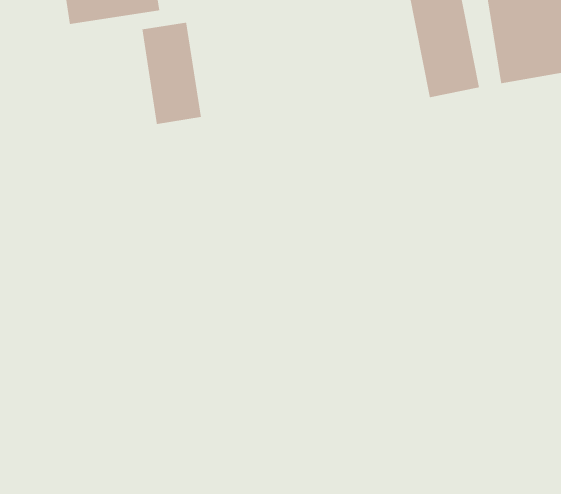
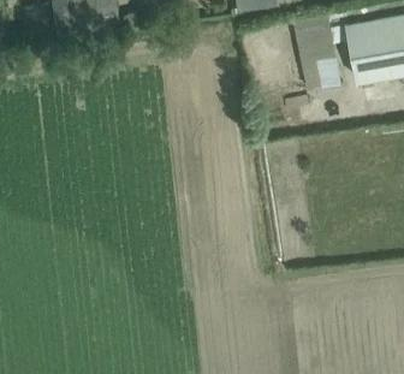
building: [142,22,201,125] -> none

